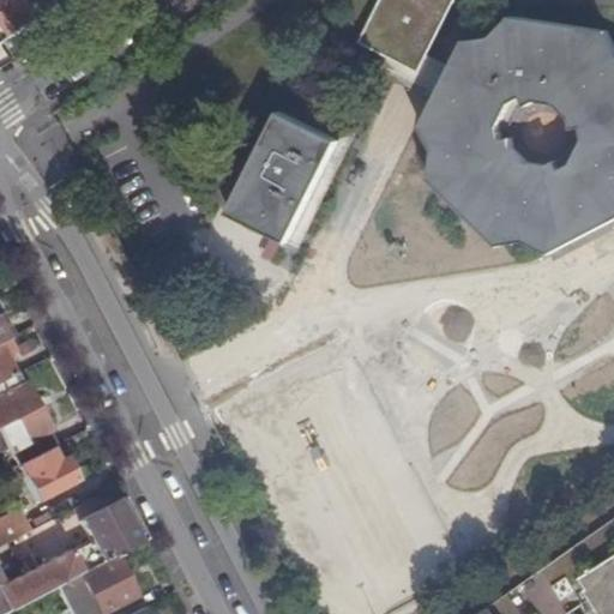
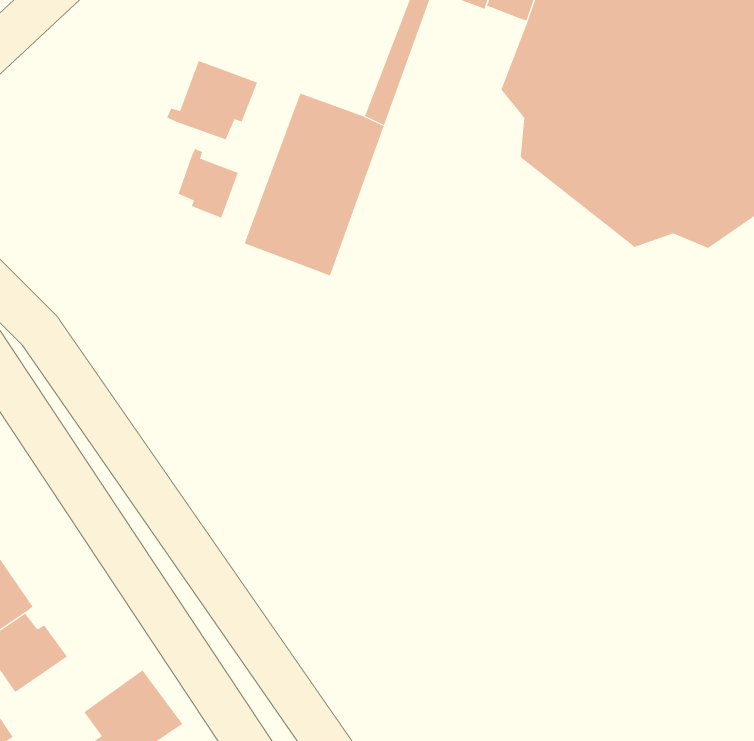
building: none -> [166,60,258,140]
building: none -> [178,148,239,219]

